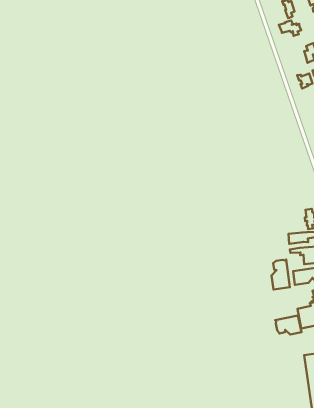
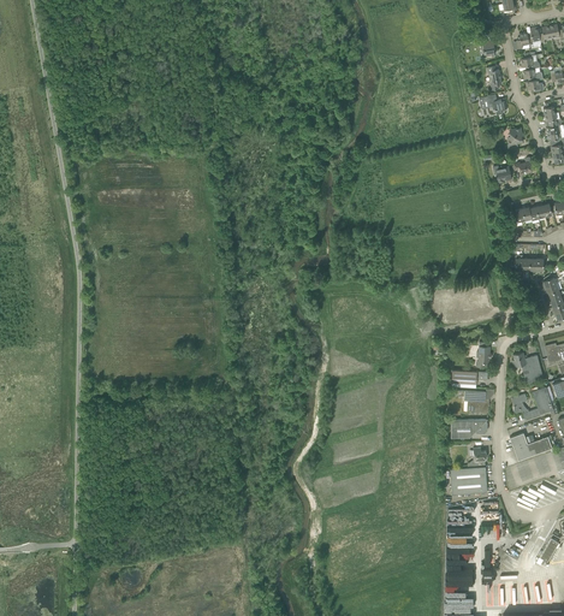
building: [272,259,290,289] -> none
building: [275,315,301,335] -> none

